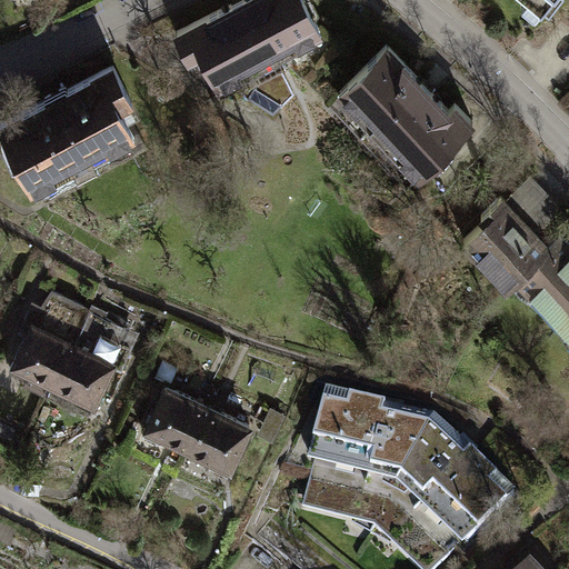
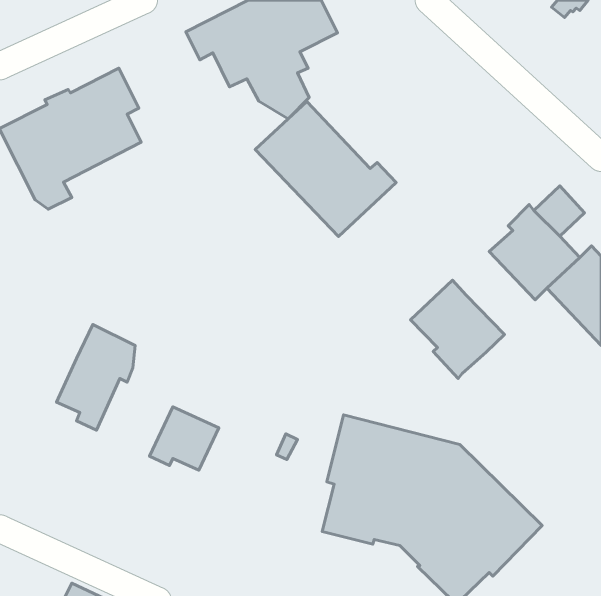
building: [338,49,471,177] -> [255,101,396,237]
building: none -> [410,280,504,378]
building: [9,293,88,385] -> none
building: [188,409,249,476] -> none

